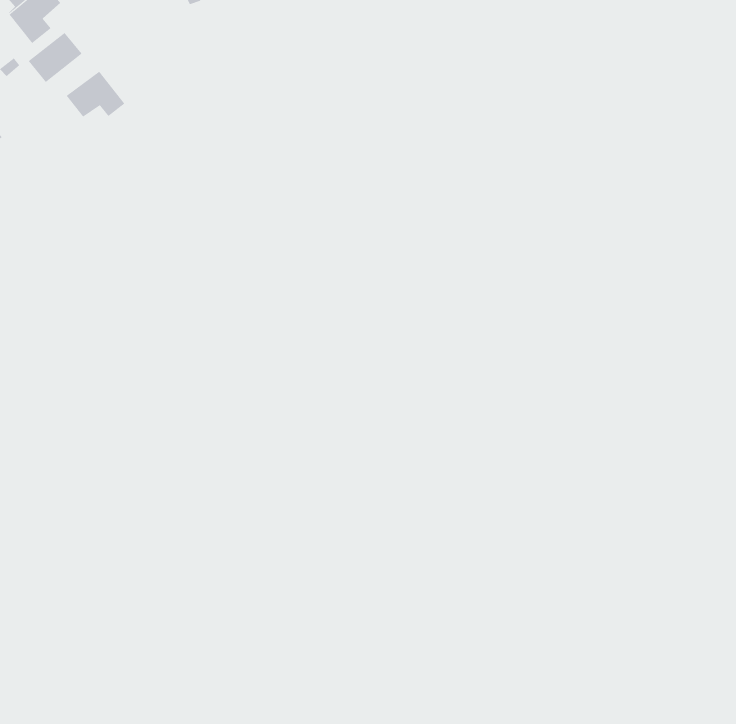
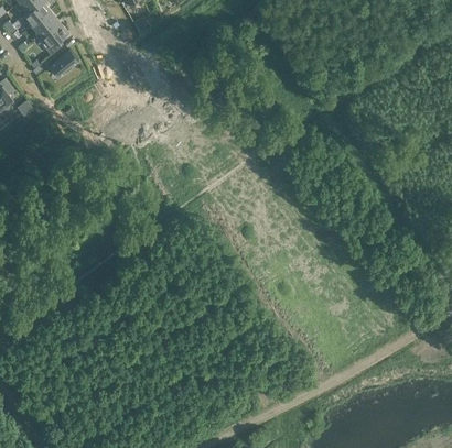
building: [66,71,125,117] -> none

